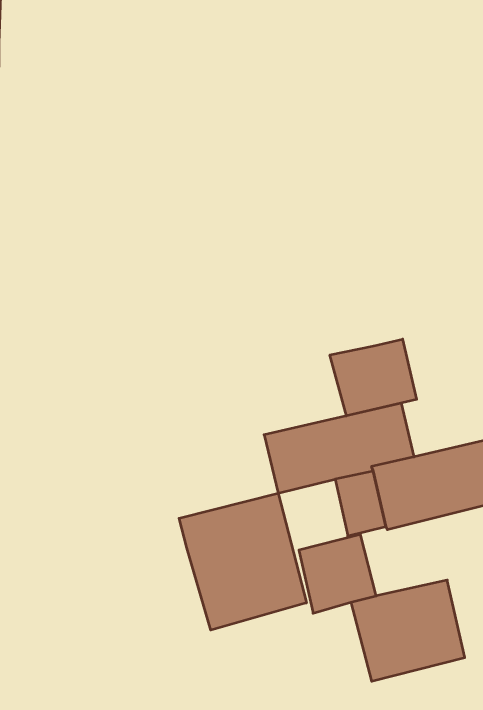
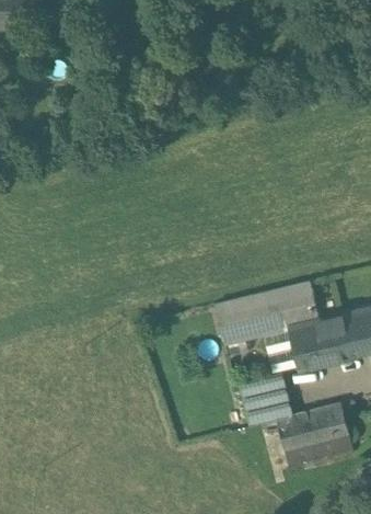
building: [330,339,417,416] -> none
building: [179,493,306,630] -> none

